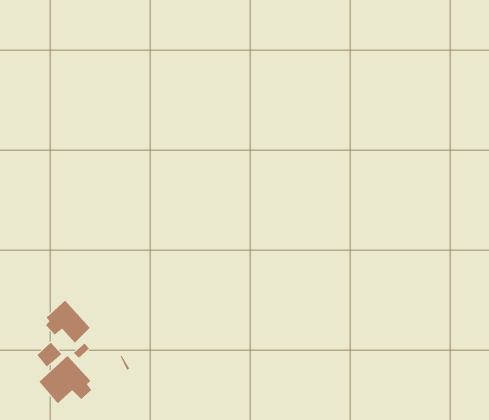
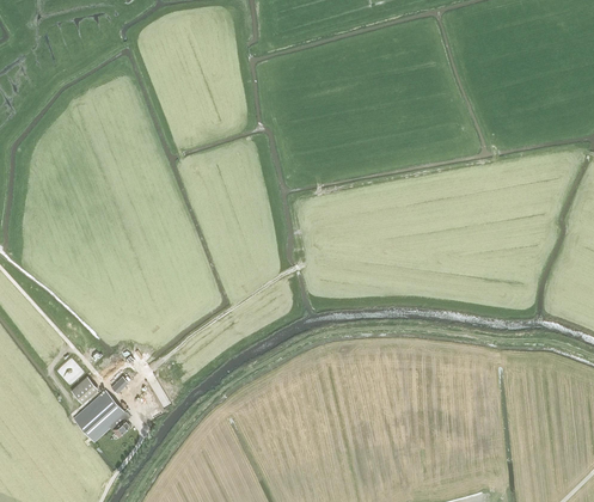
building: [45,300,91,344] -> none

